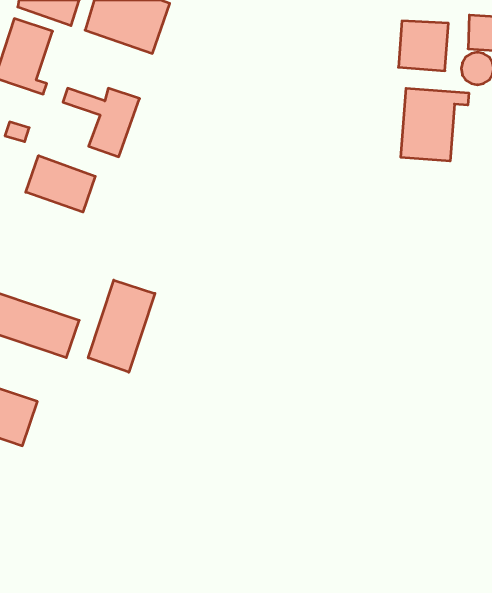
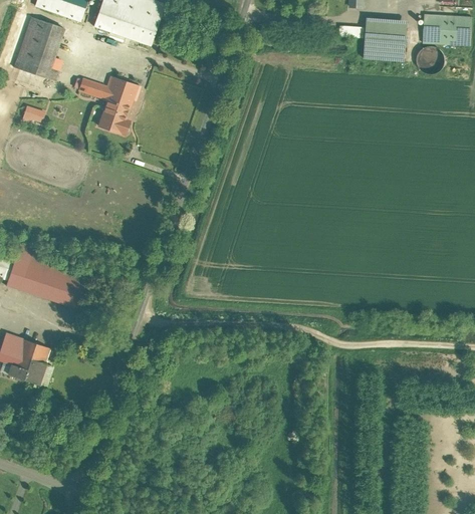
building: [401,88,469,161] -> none
building: [26,156,95,212] -> none
building: [88,280,155,372] -> none

